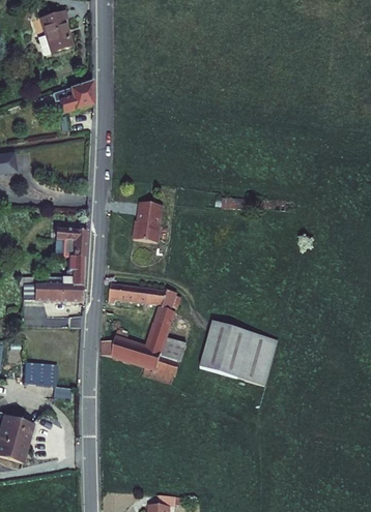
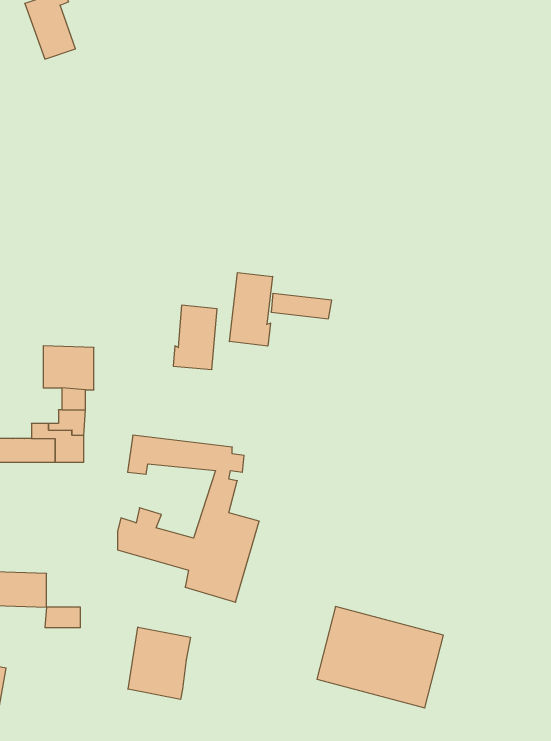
building: [51,81,85,112] -> none
building: none -> [229,273,273,346]
building: [199,323,277,385] -> [317,607,443,708]
building: none -> [128,627,190,699]

